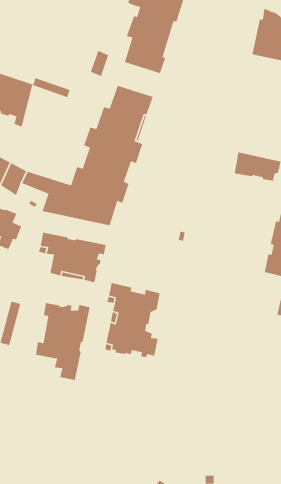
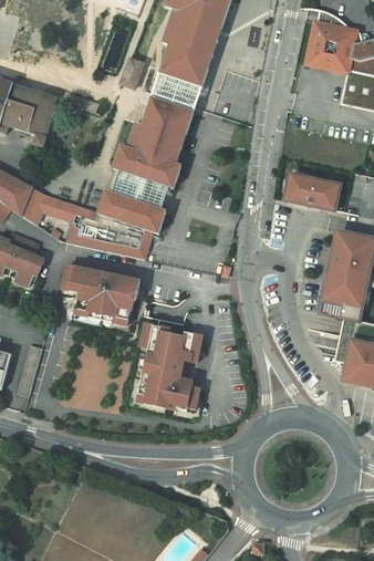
building: none -> [152,72,201,111]
building: [35,302,91,381] -> none

